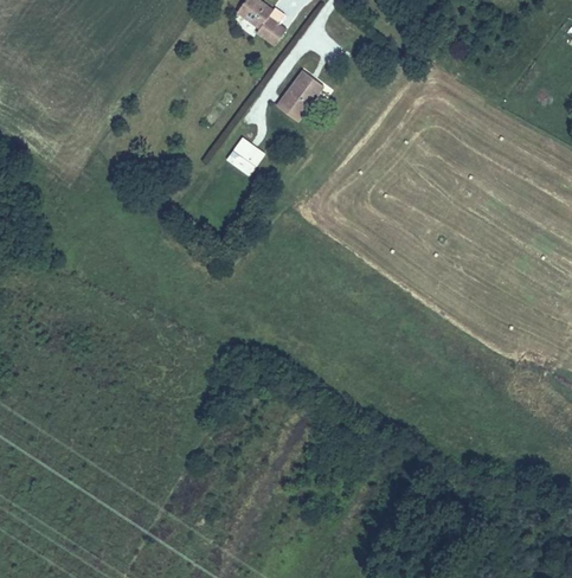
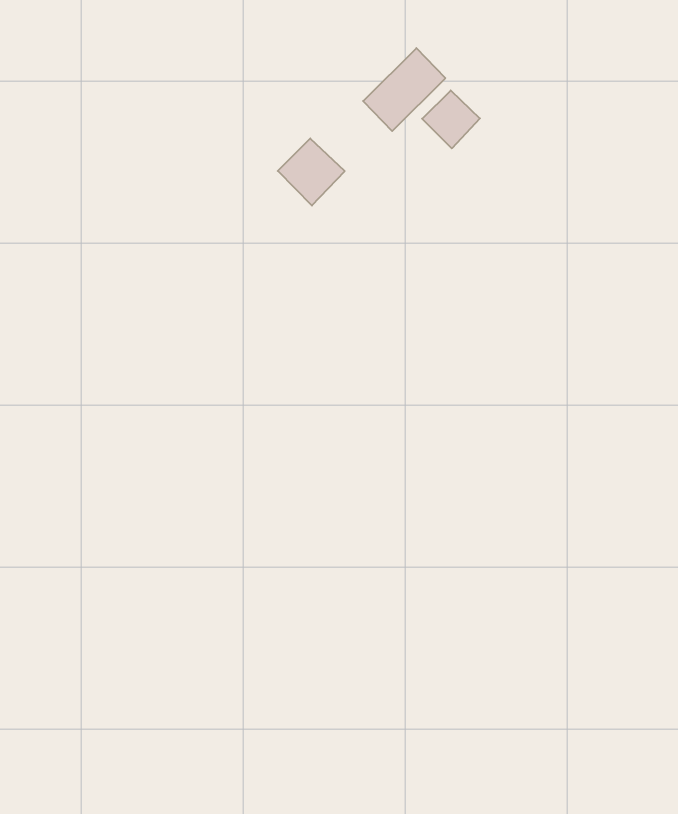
building: none -> [422,90,480,148]

